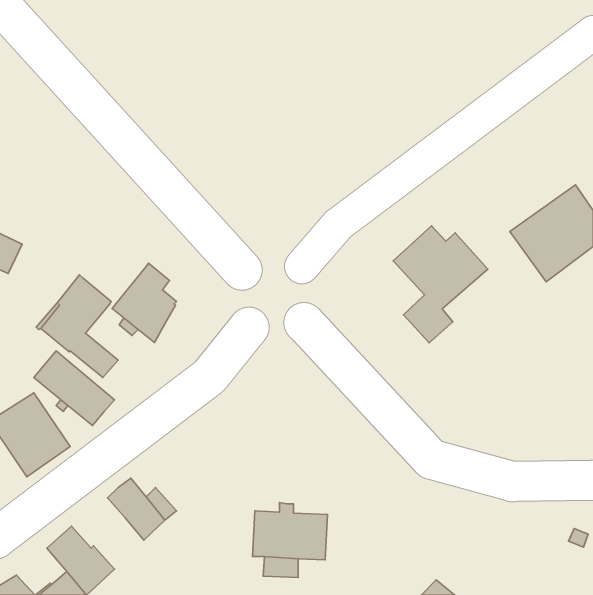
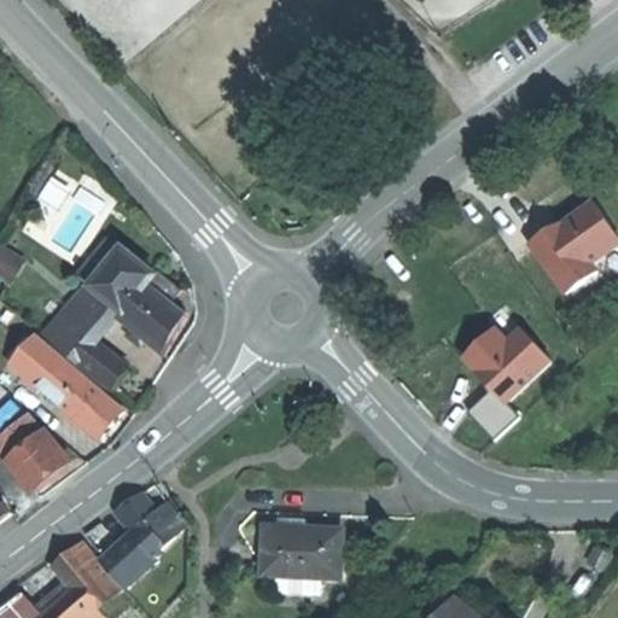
building: [393,226,488,343] -> [457,315,555,436]
building: none -> [86,249,151,314]
building: none -> [8,340,58,390]
building: none -> [97,535,151,589]

